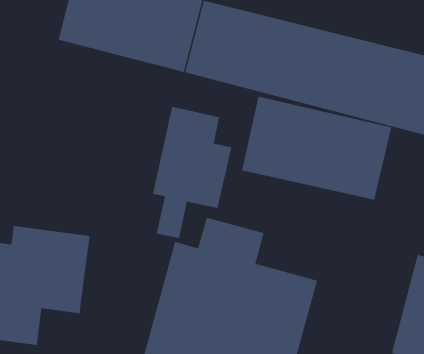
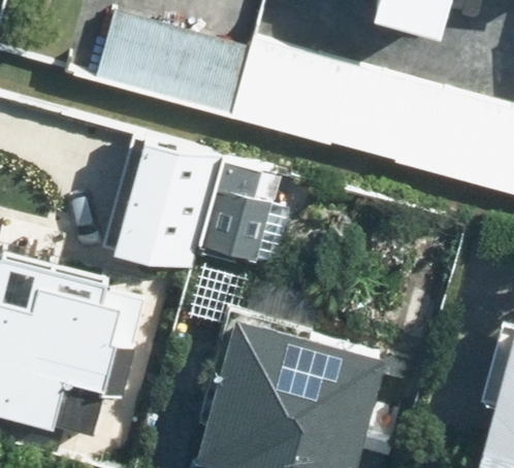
building: none -> [110,138,224,269]
building: [242,96,392,201] -> none

